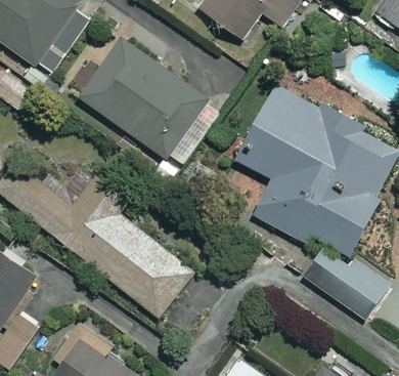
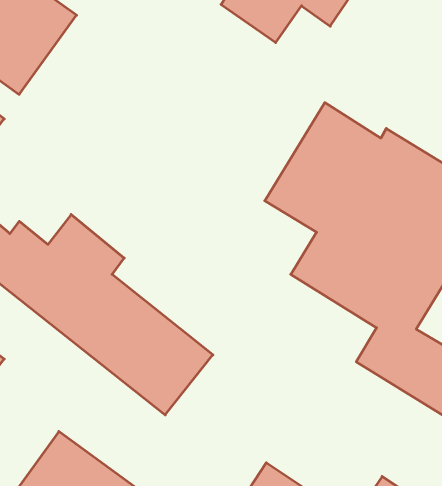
building: [79,37,222,169] -> none

